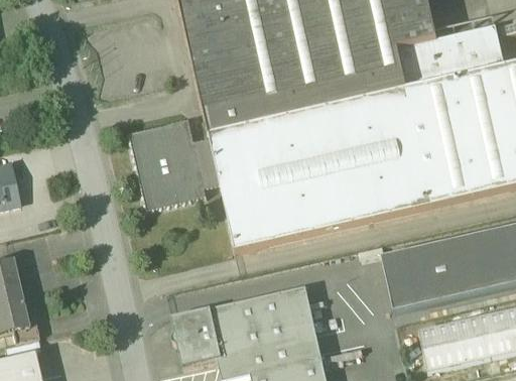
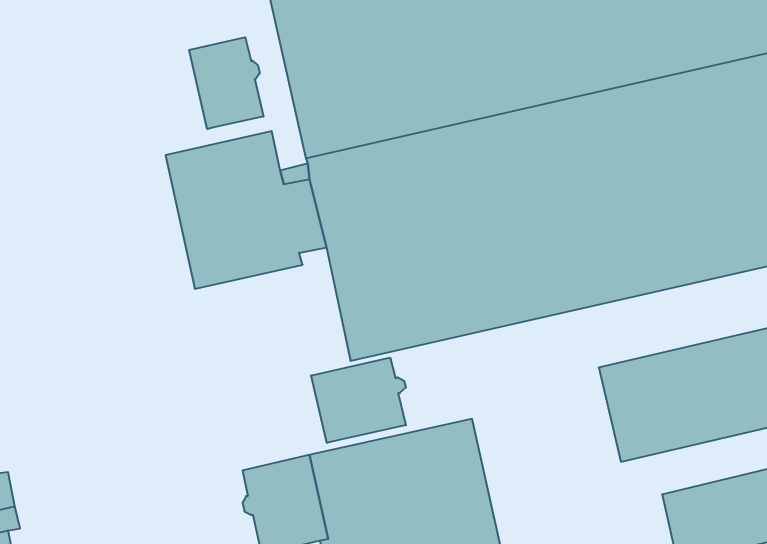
building: none -> [189,37,263,129]
building: none -> [311,358,406,443]

